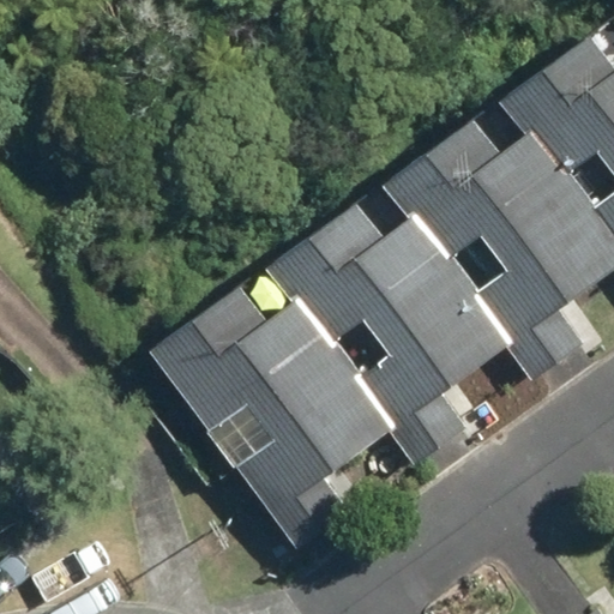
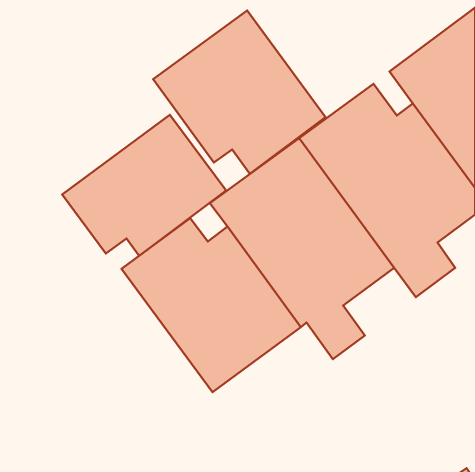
building: none -> [153,11,325,174]
building: none -> [62,115,226,256]

